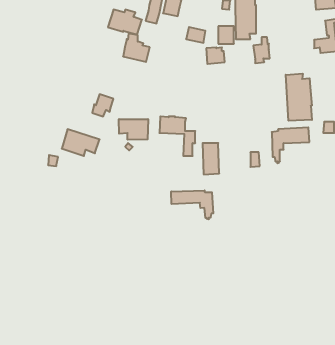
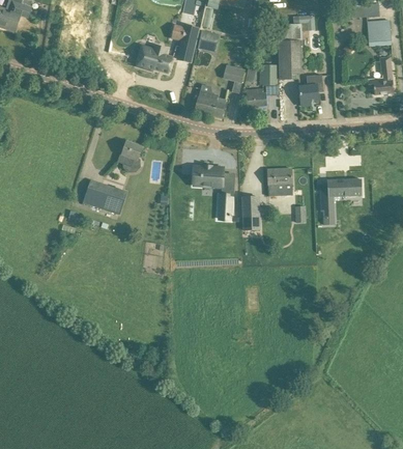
building: [123,33,150,62] -> [195,84,225,116]
building: [286,74,312,121] -> none
building: none -> [266,168,292,197]
building: [119,119,148,140] -> none
building: [171,190,213,219] -> none

